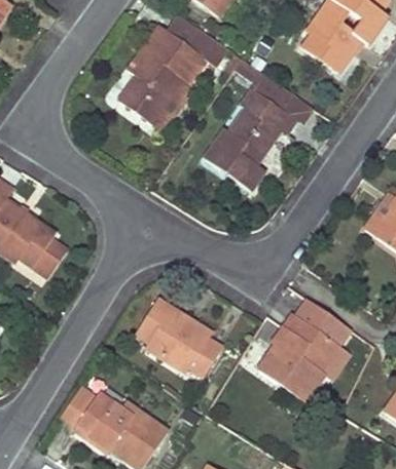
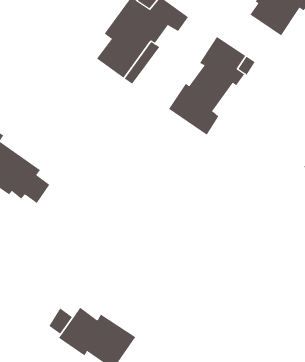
building: [257,297,350,401] -> none
building: [136,299,221,377] -> none

